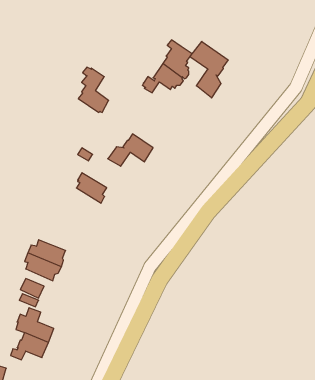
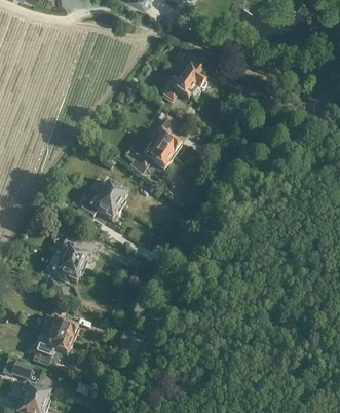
building: [190,41,228,98] -> none
building: [78,67,109,112] -> [151,112,180,155]
building: none -> [86,193,121,219]

